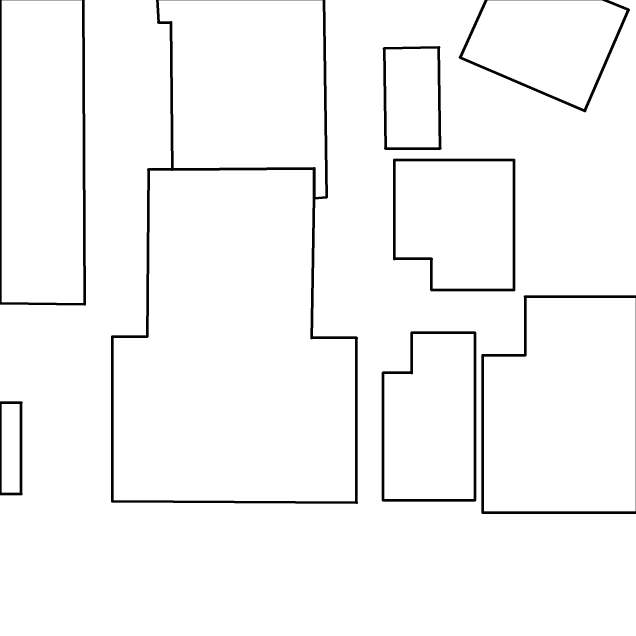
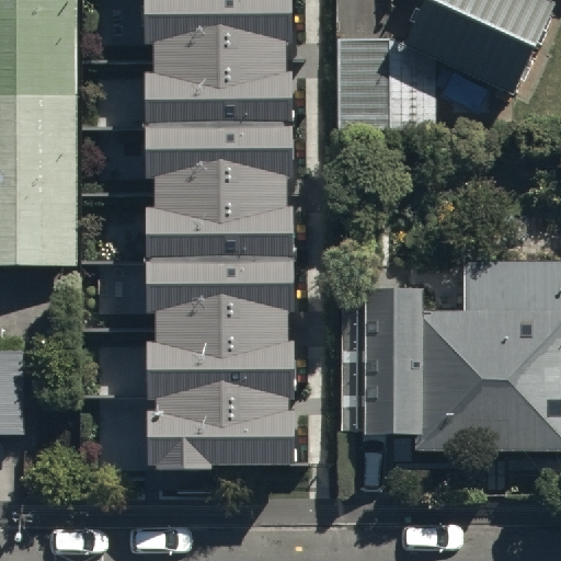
building: [394,160,514,290] -> none

